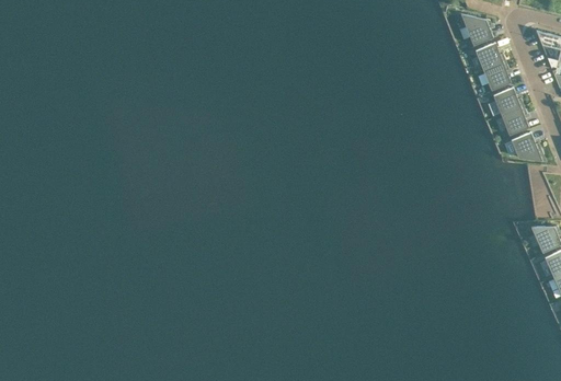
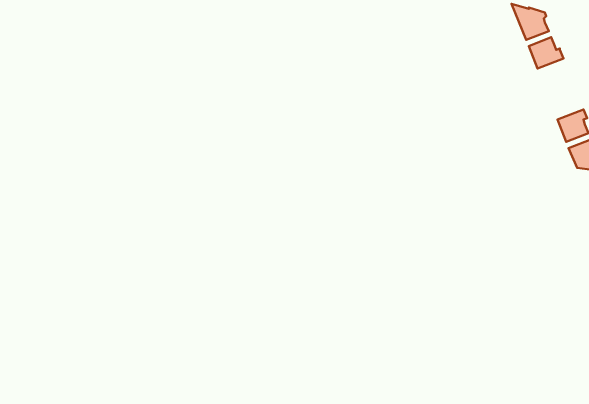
building: [482,62,510,91] -> none
building: [492,89,523,116] -> none

